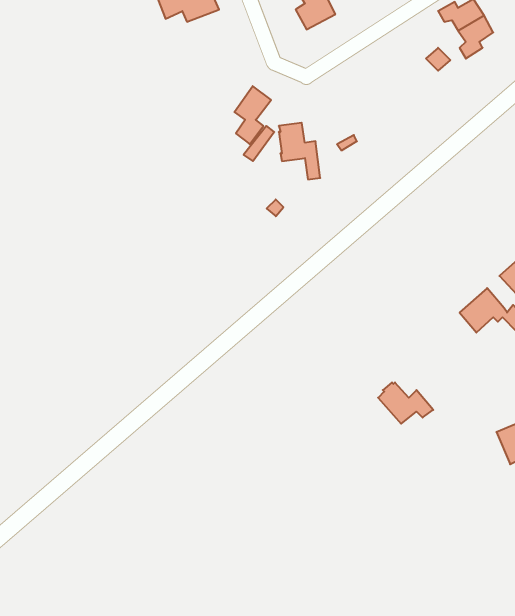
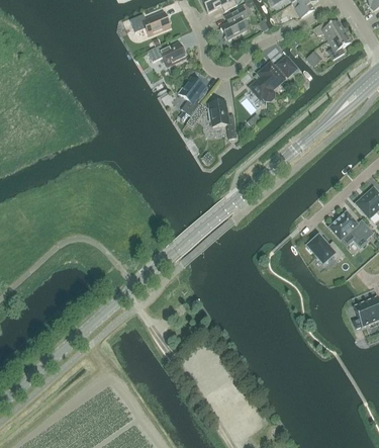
building: none -> [147,43,185,65]
building: none -> [250,57,296,101]
building: [378,382,433,424] -> [307,236,344,263]

